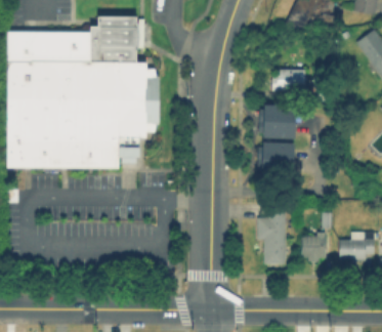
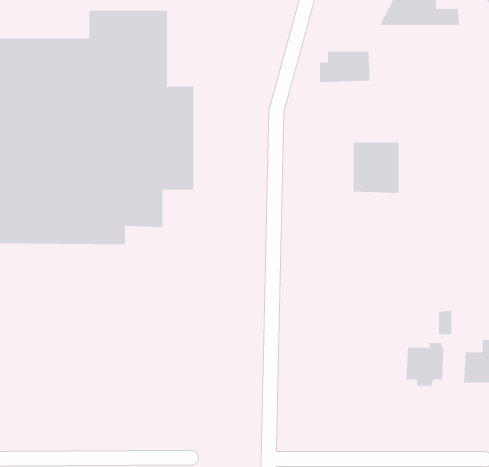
building: [271,72,305,92] -> [319,51,371,82]
building: [264,141,297,163] -> none
building: [257,201,286,264] -> none

